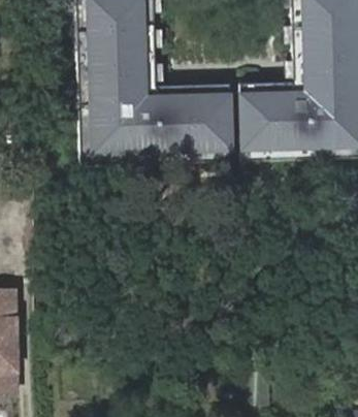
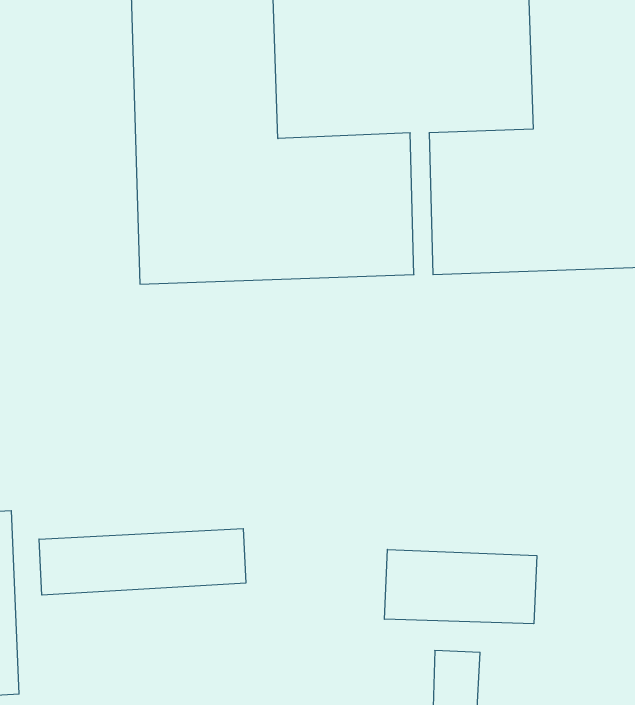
building: none -> [39,529,246,595]
building: none -> [384,549,537,624]

